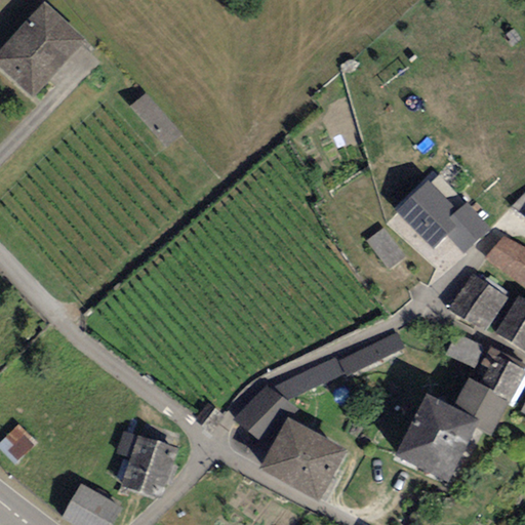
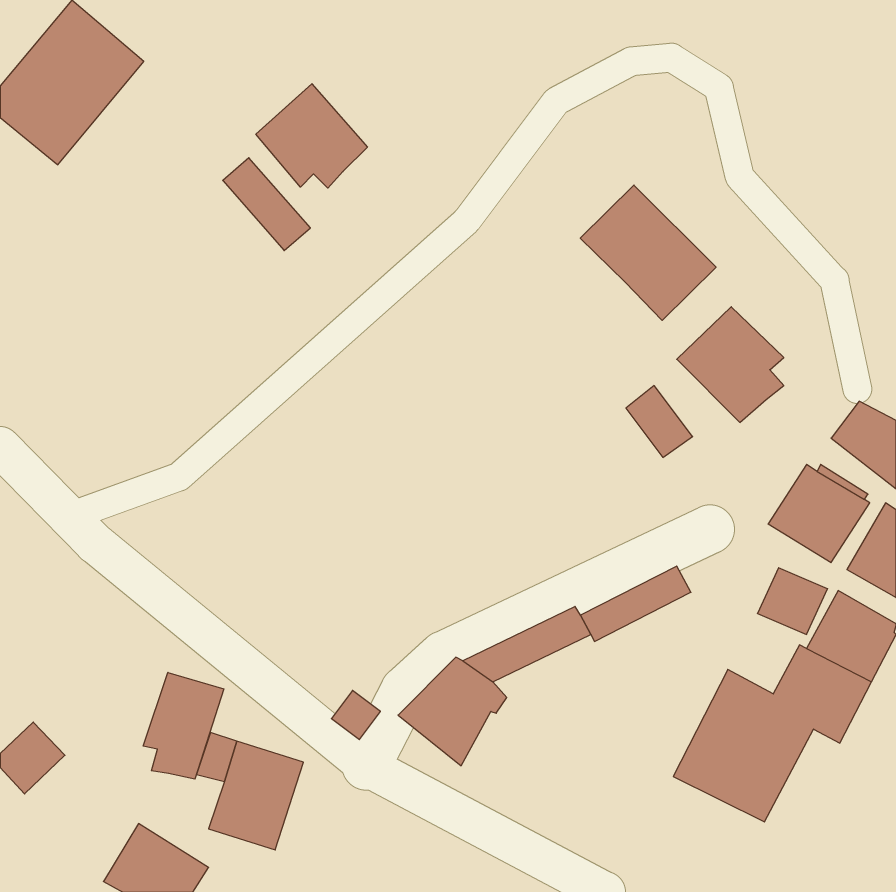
building: none -> [256,84,367,188]
building: none -> [580,185,716,320]
building: [448,202,490,251] -> none
building: none -> [143,672,224,779]
building: [259,416,347,499] -> none

